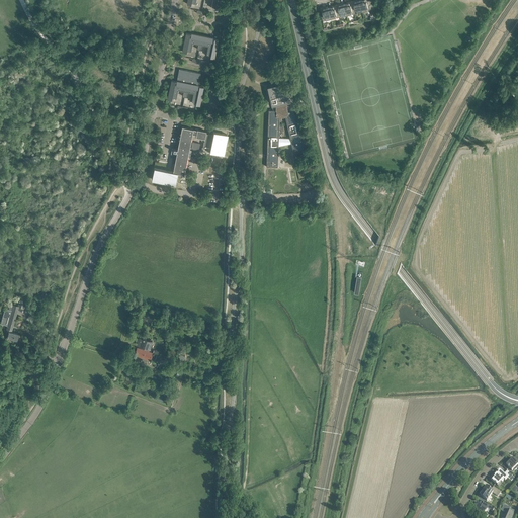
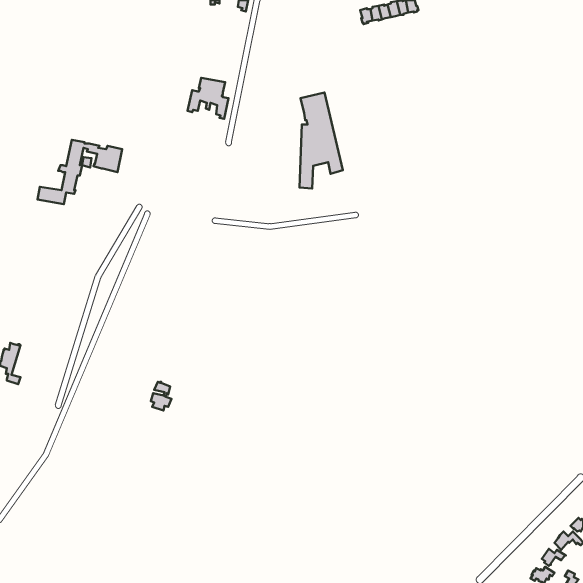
building: [181,34,217,59] -> none
building: [151,127,226,184] -> [38,140,122,204]

